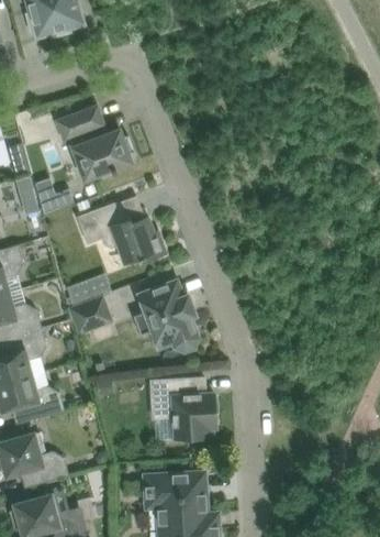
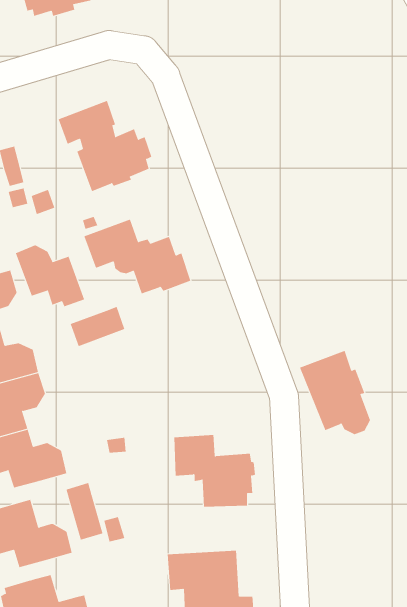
building: none -> [15,245,85,307]
building: [139,281,198,350] -> [299,350,371,435]
building: [70,296,112,332] -> none
building: none -> [66,482,103,541]

